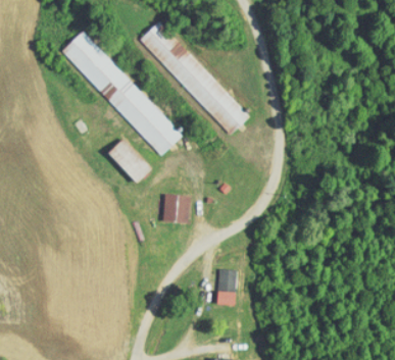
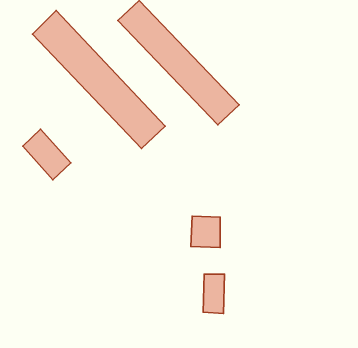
building: [106,138,150,184] -> [23,129,71,180]
building: [162,194,189,222] -> [191,216,220,248]

